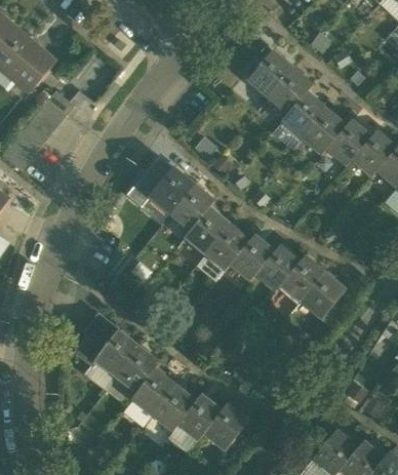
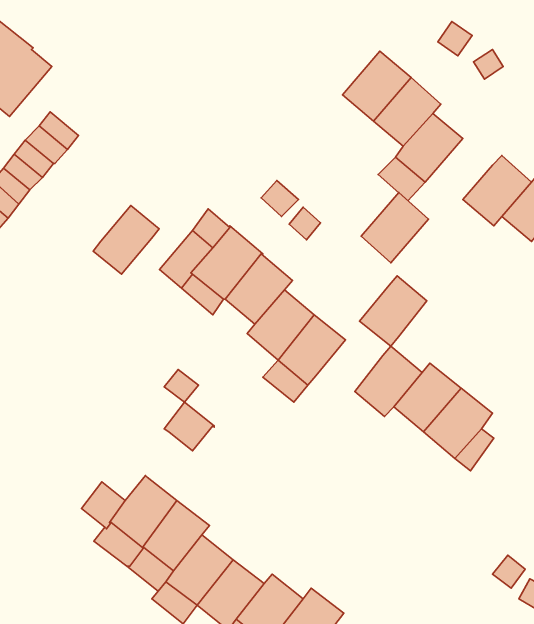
building: [302,107,346,153] -> [361,193,428,263]
building: none -> [93,206,159,274]
building: [230,233,274,279] -> [360,276,427,346]
building: [86,313,119,345] -> [164,402,214,451]

